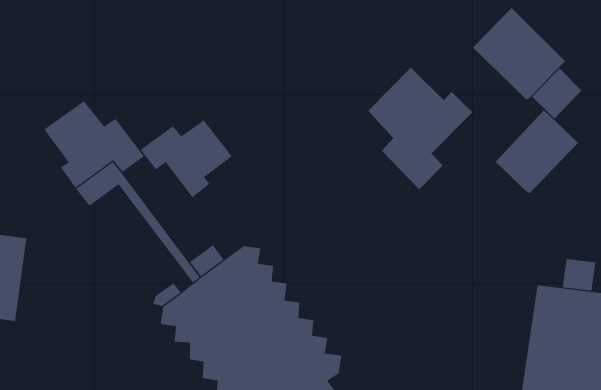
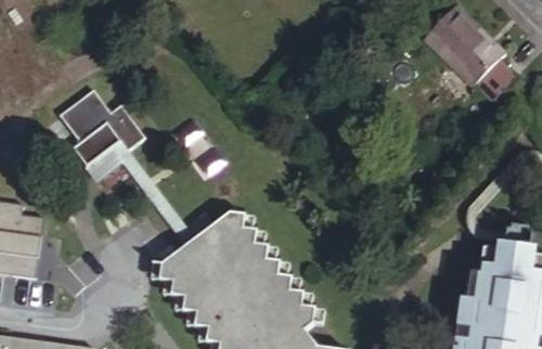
building: [368,67,473,190] -> none
building: [495,109,579,194] -> none
building: [140,120,232,198] -> none

